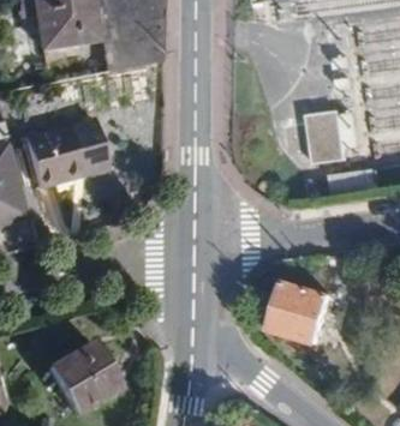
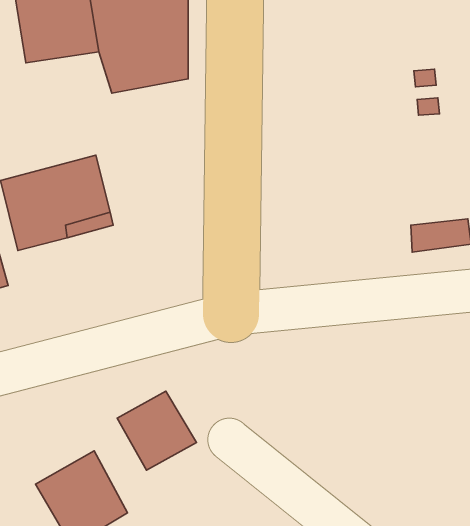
building: [305,109,356,161] -> none
building: [268,280,330,344] -> none
building: none -> [117,391,197,470]

